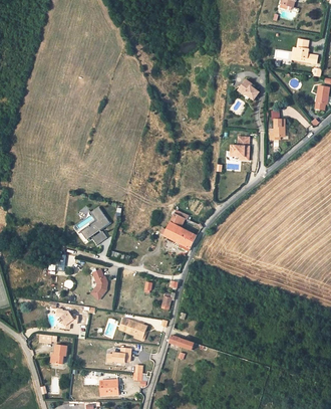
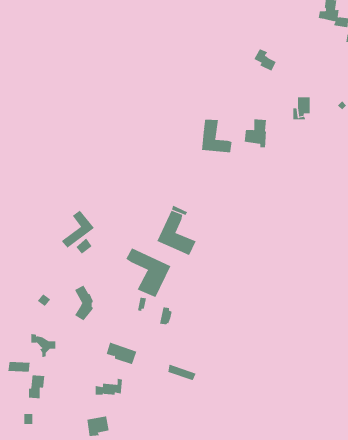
building: none -> [201,119,232,153]
building: none -> [125,248,171,298]

